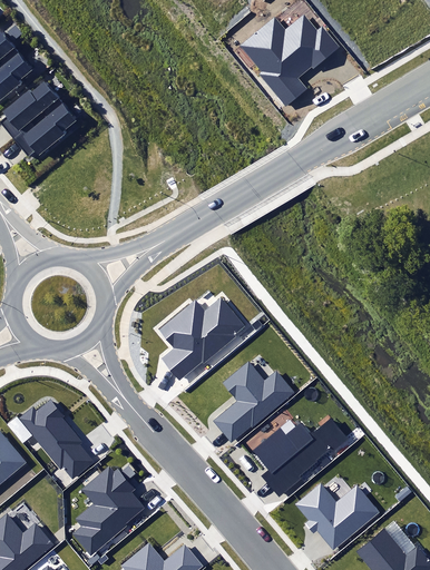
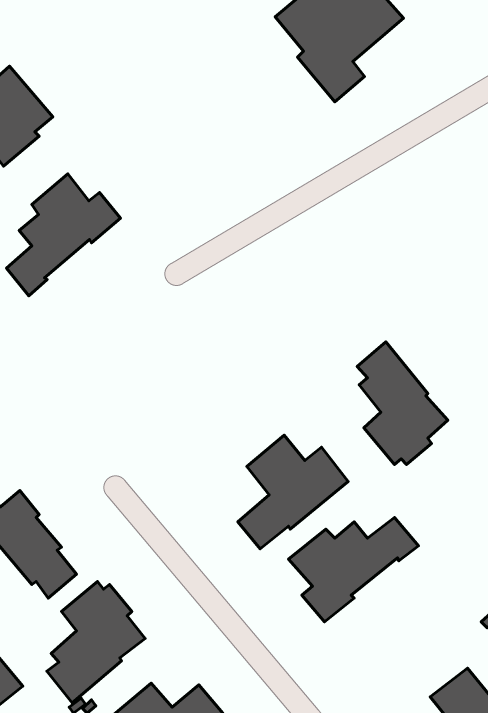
building: none -> [7,174,120,296]
building: none -> [357,342,448,465]
building: [159,297,245,381] -> none
building: [295,483,379,550] -> none

